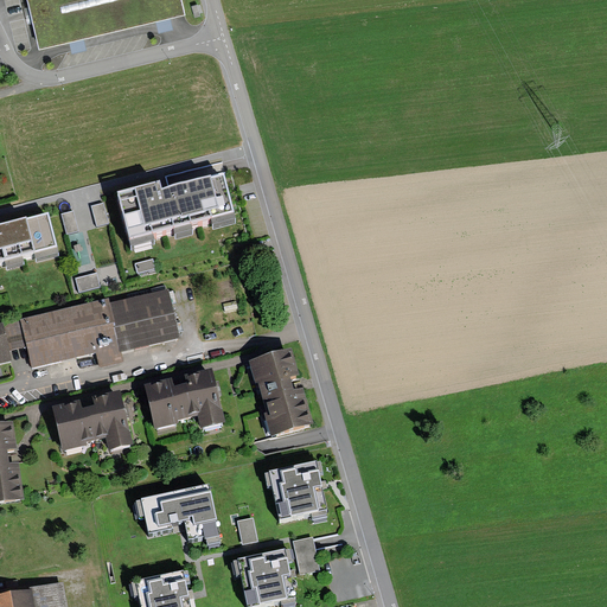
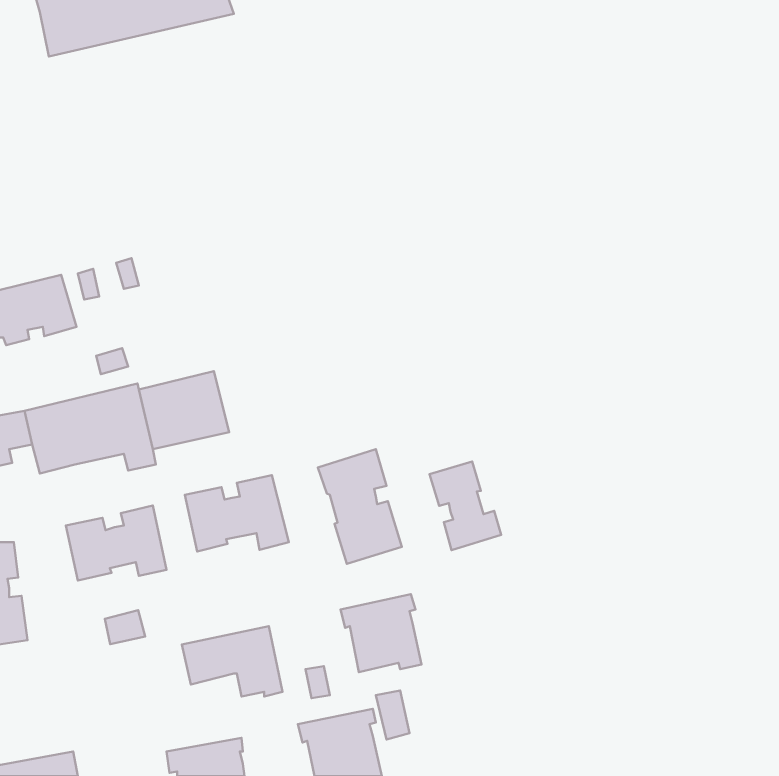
building: [115,175,232,242] -> none
building: none -> [429,462,501,550]
building: none -> [105,610,145,644]

